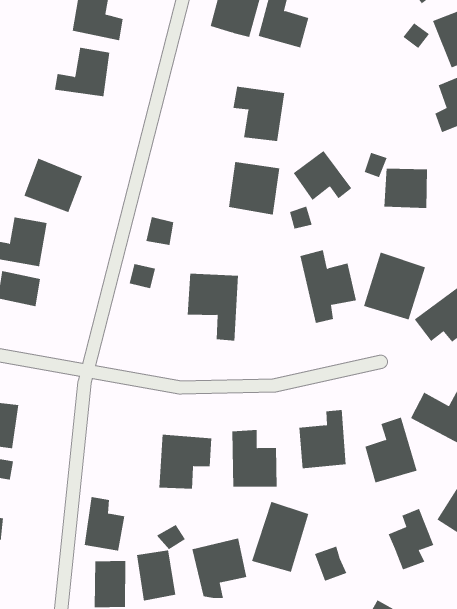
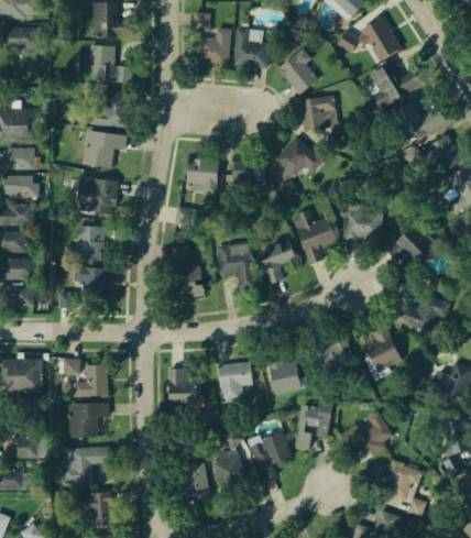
building: none -> [276,48,318,95]
building: [233,86,285,142] -> none
building: none -> [83,130,124,165]
building: none -> [184,161,219,191]
building: [384,168,428,208] -> [300,97,336,130]
building: none -> [256,238,299,284]
building: none -> [173,266,202,296]
building: [84,497,125,551] -> [169,370,197,406]
building: [388,508,434,570] -> [359,410,394,458]

